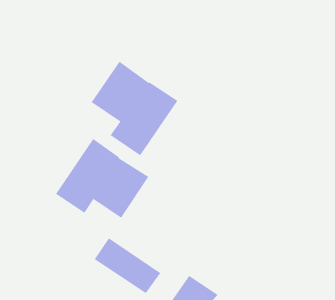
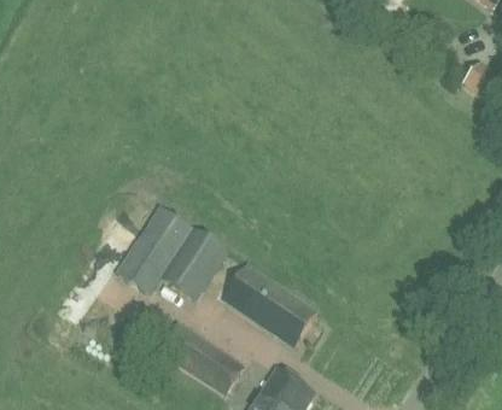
building: [91,61,178,156] -> none
building: none -> [223,264,314,344]

